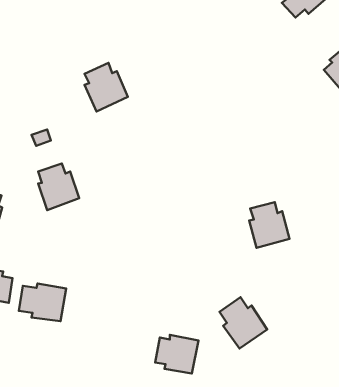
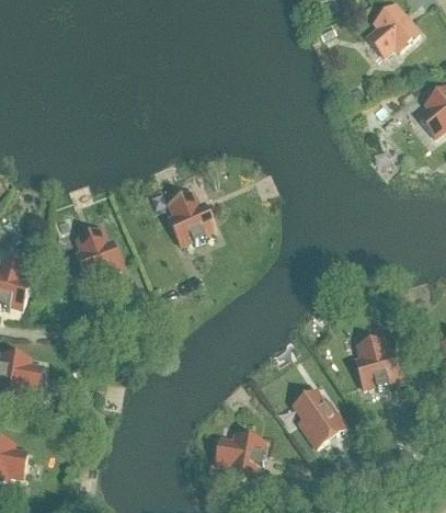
building: [85,63,128,112] -> [167,189,218,247]
building: [249,202,289,248] -> [354,334,402,389]
building: [19,283,66,321] -> none

